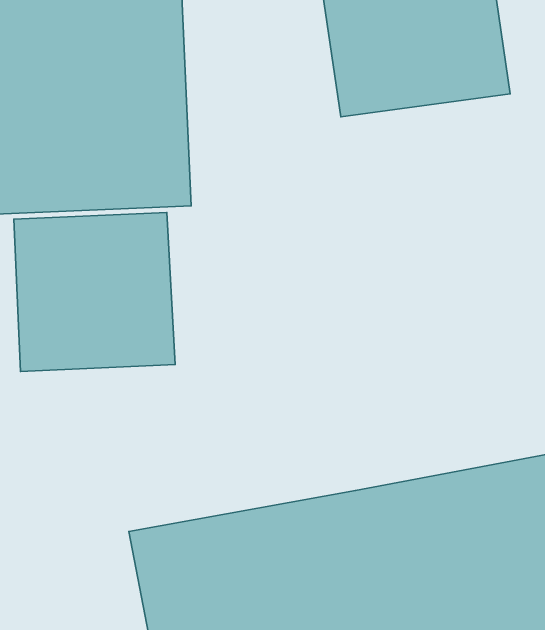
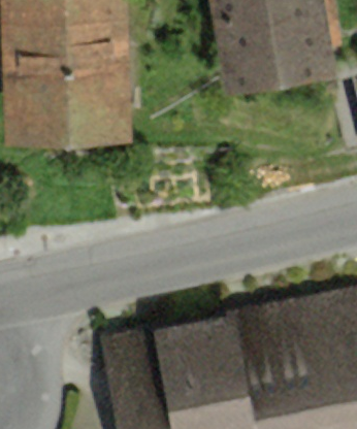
building: [14,212,175,372] -> none

